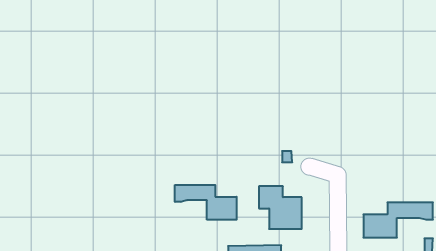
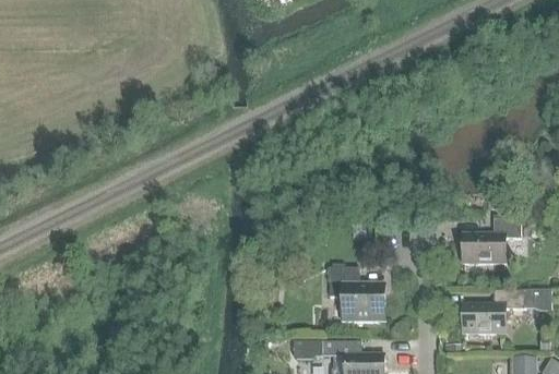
building: none -> [463,218,521,263]
building: [175,185,237,220] -> none

